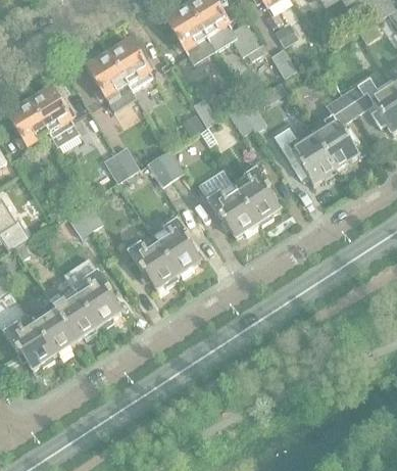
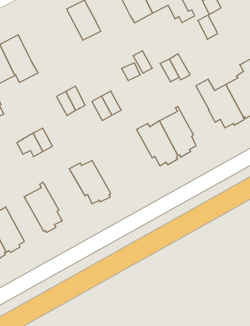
building: [87,51,131,109] -> none
building: [152,213,199,275] -> none
building: [47,285,98,340] -> none

